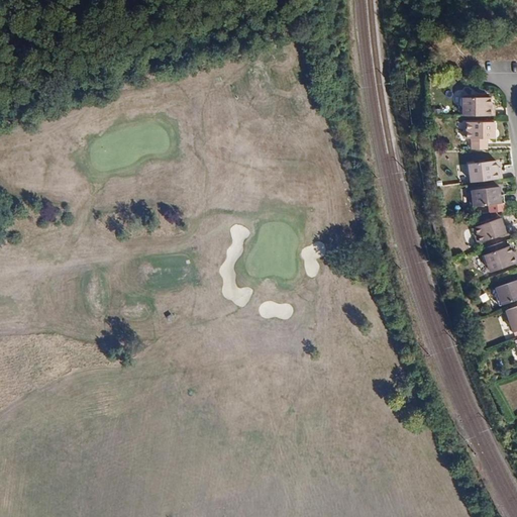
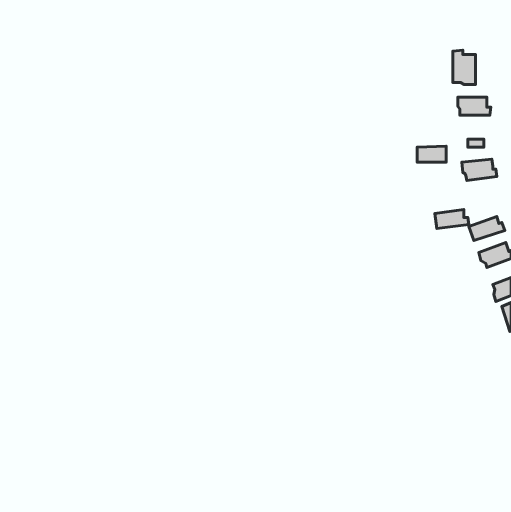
building: none -> [453,50,475,84]
building: [464,121,494,137] -> [417,146,446,162]
building: [471,187,505,206] -> [435,209,469,228]

